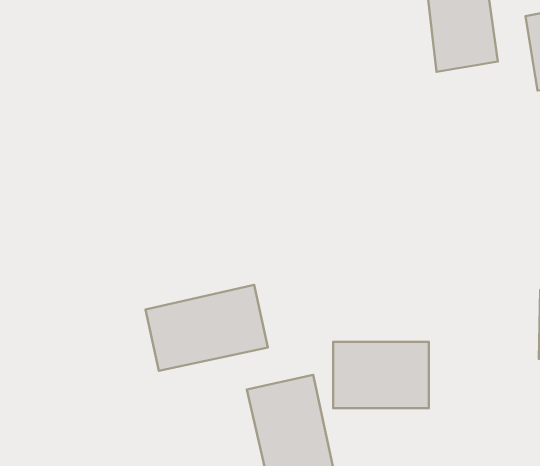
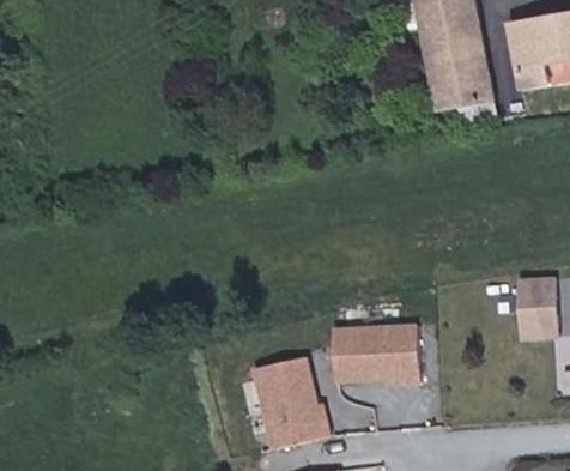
building: none -> [425,70,484,108]
building: [146,285,268,371] -> none

